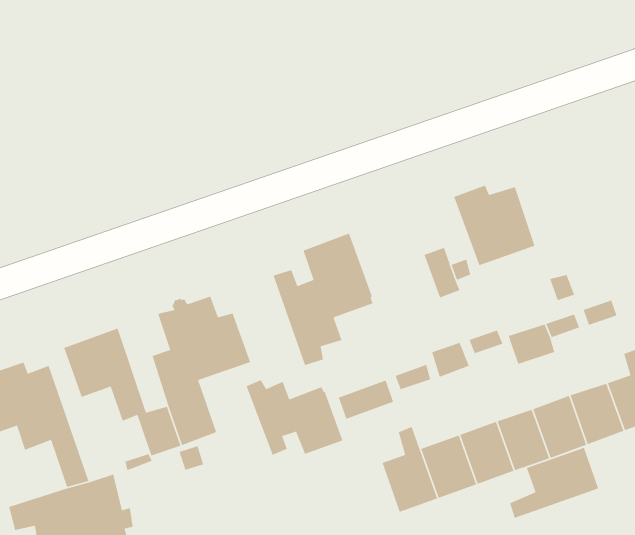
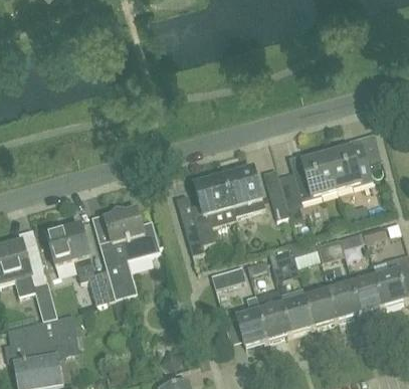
building: none -> [327,136,373,190]
building: none -> [224,167,265,215]
building: [245,379,344,456] -> none
building: [509,447,599,519] -> none

